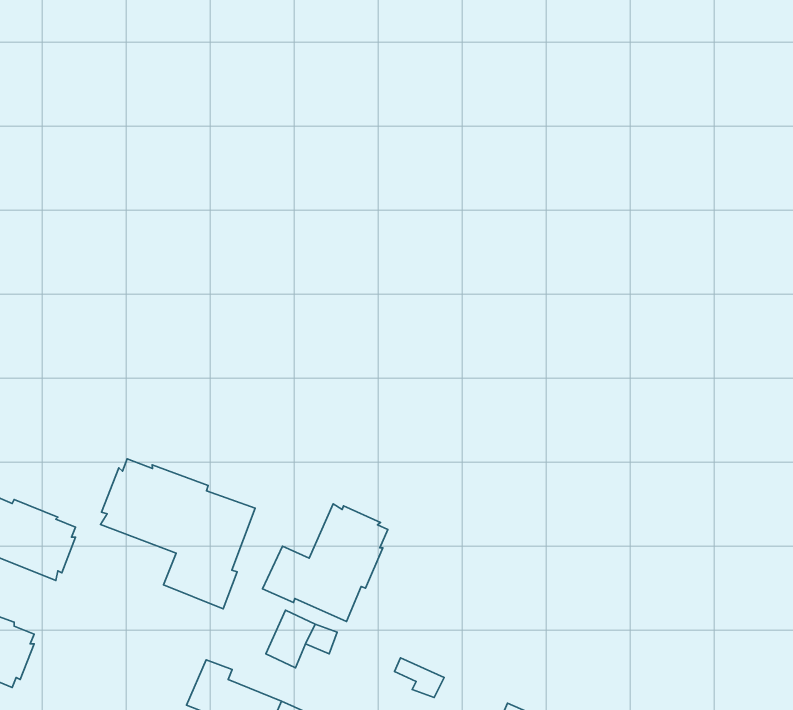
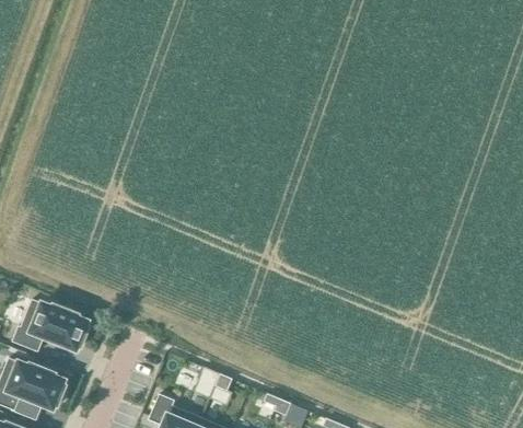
building: [100,459,255,609] -> none
building: [262,504,388,622] -> none

